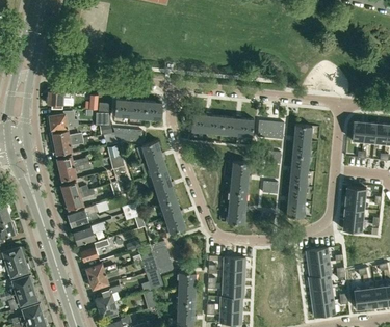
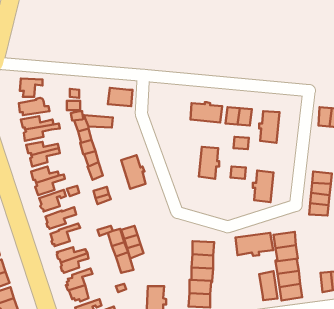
building: [114,99,139,118] -> none
building: [191,113,223,134] -> none
building: [141,141,166,175] -> none
building: [288,156,309,188] -> none
building: [227,192,248,224] -> none
building: [160,199,185,234] -> none
building: none -> [236,233,273,256]
building: [178,272,198,303] -> none
building: none -> [259,271,277,300]

